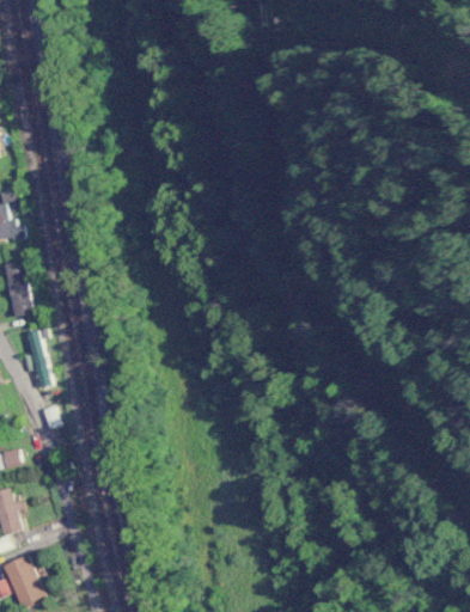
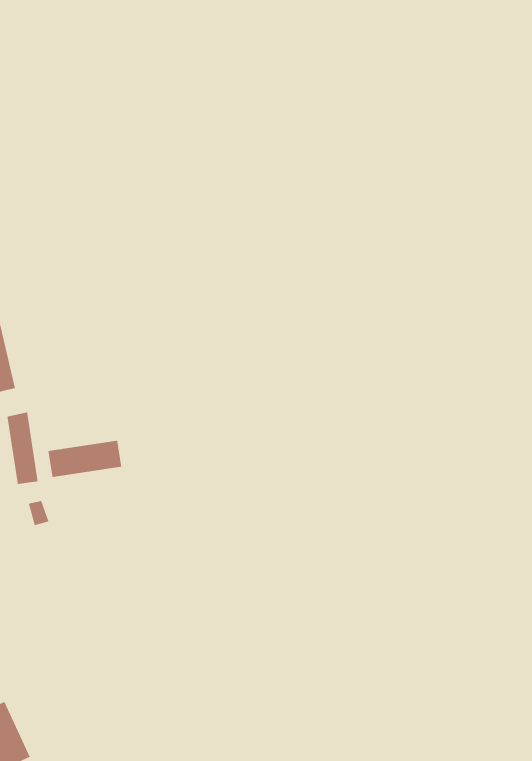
building: none -> [47,440,122,478]

